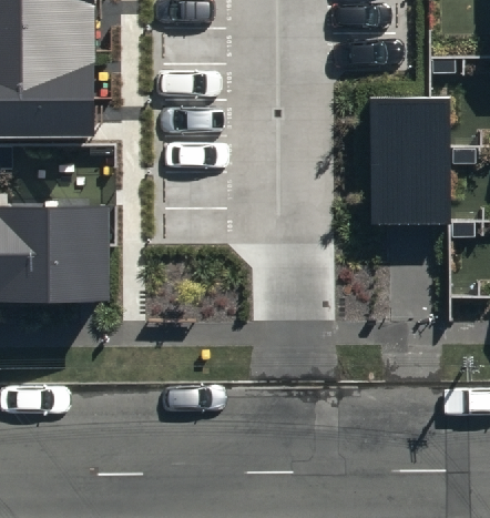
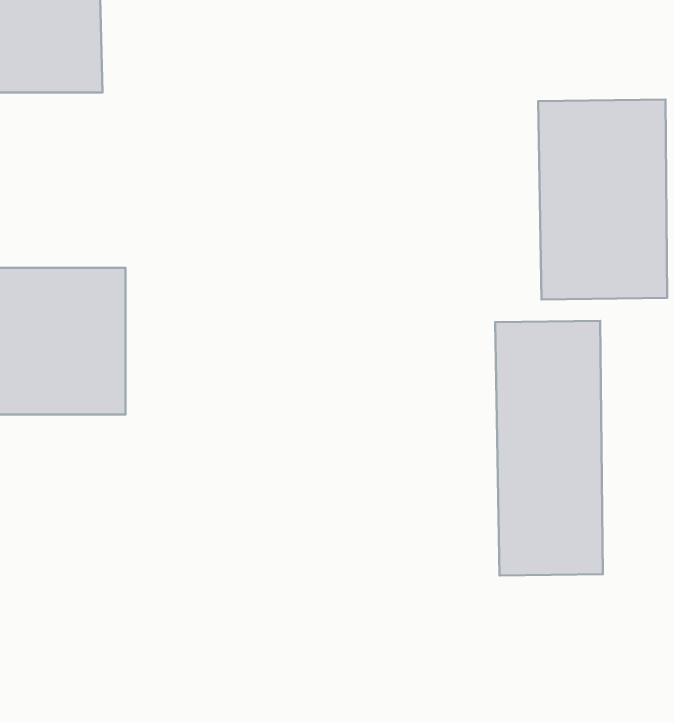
building: none -> [495,321,603,575]

